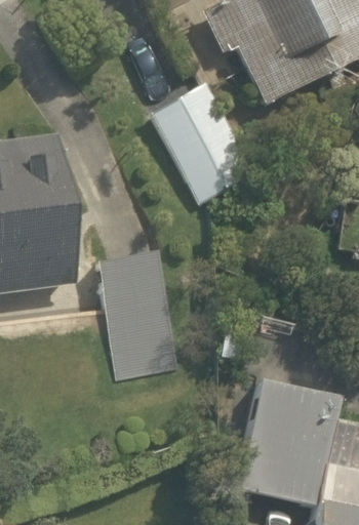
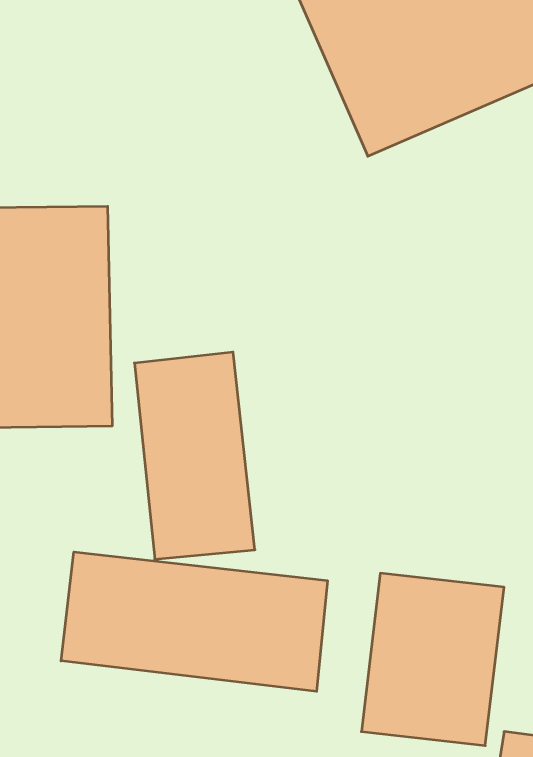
building: [138,70,255,200] -> none
building: none -> [61,552,327,691]

